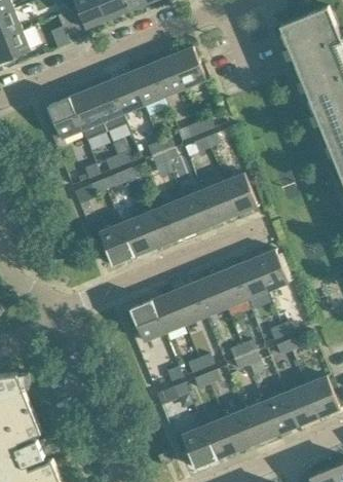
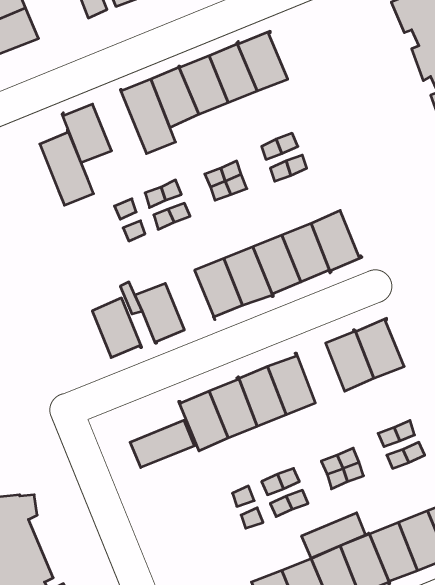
building: [67,88,105,142] -> [40,130,94,205]
building: [118,216,153,258] -> [92,298,142,358]
building: [211,267,244,309] -> none
building: none -> [130,420,197,468]
building: none -> [302,513,369,558]

